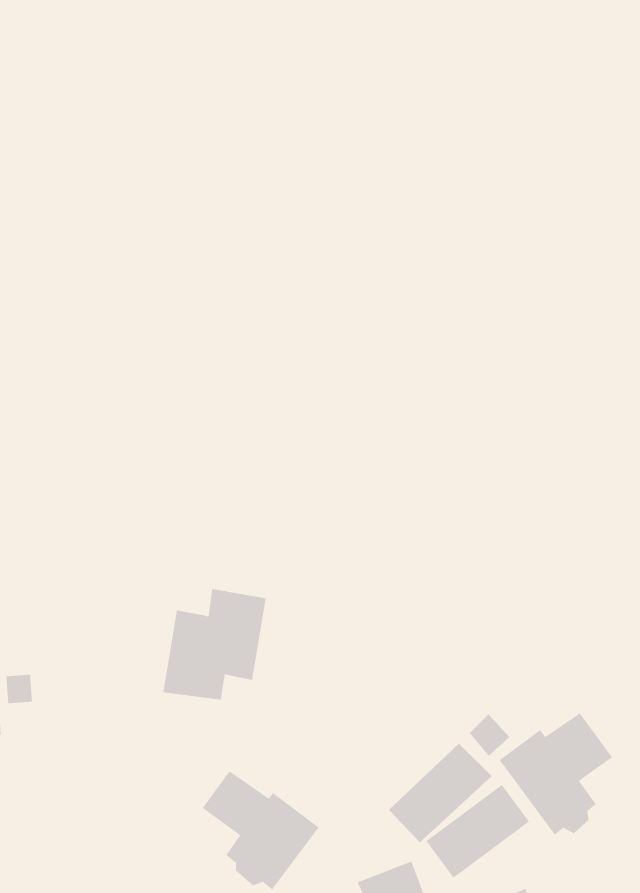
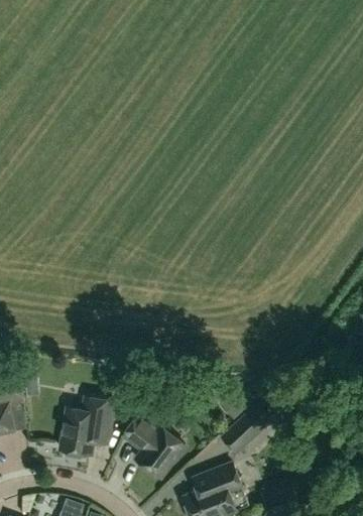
building: [163,588,267,700] -> [62,396,115,454]
building: [499,713,613,835] -> none

